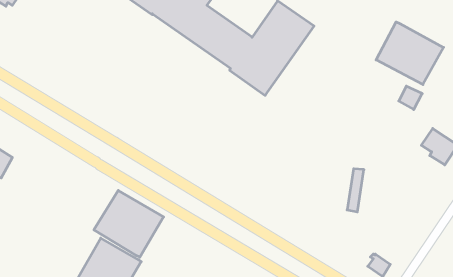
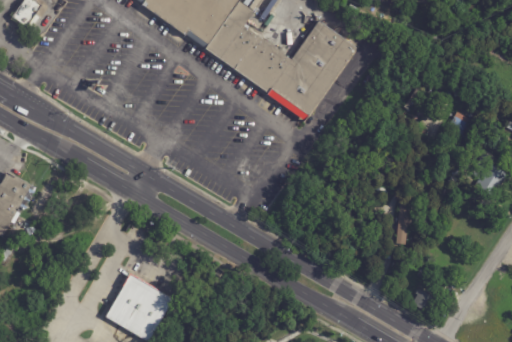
building: [376,22,444,85] -> none
building: [94,190,164,257] -> none

